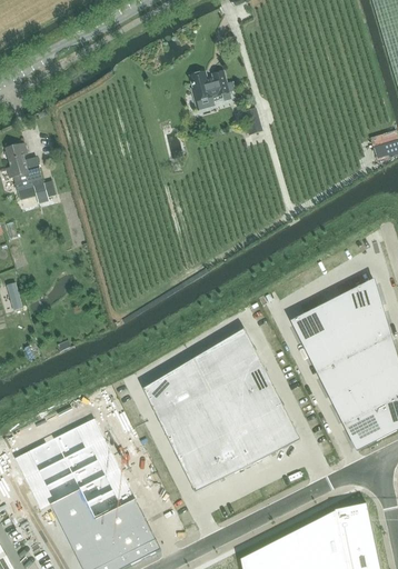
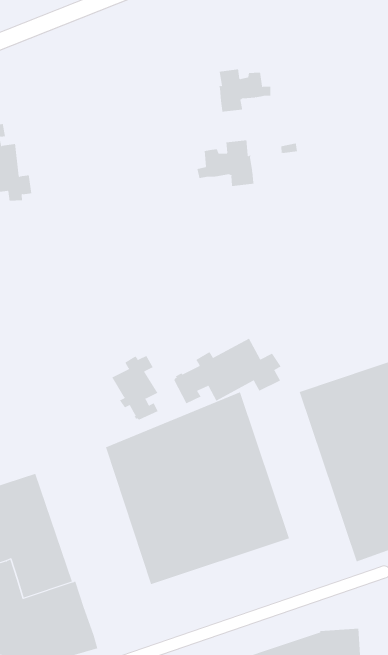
building: none -> [197,140,254,187]
building: none -> [173,338,282,404]
building: none -> [111,355,158,421]

